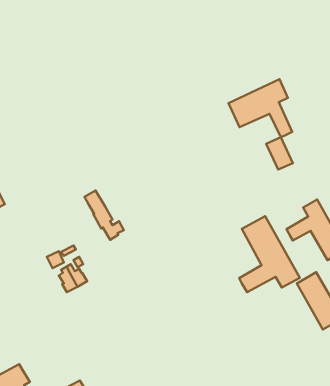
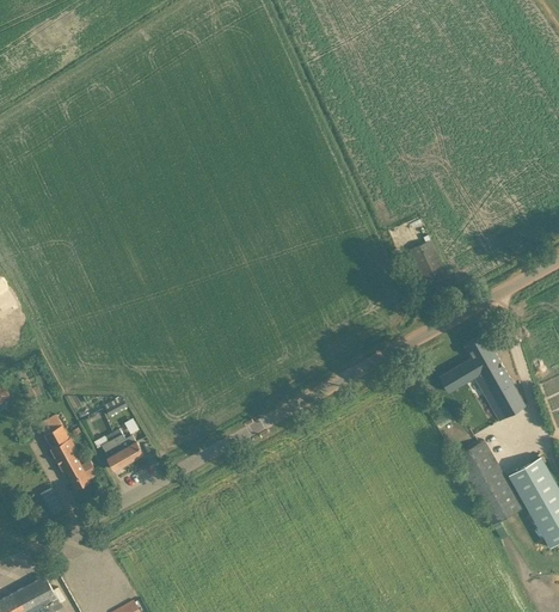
building: [229,79,292,137] -> none
building: [84,190,124,240] -> [38,415,97,488]
building: [239,216,300,292] -> none

